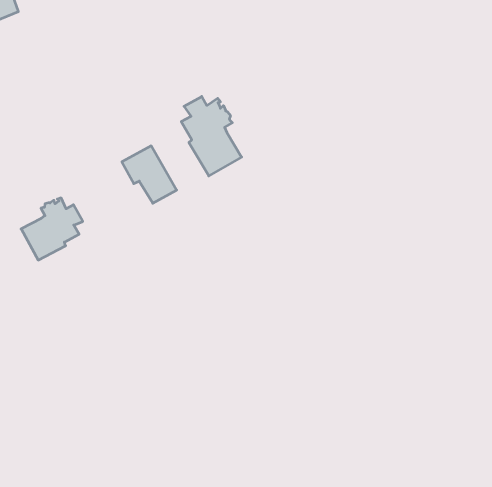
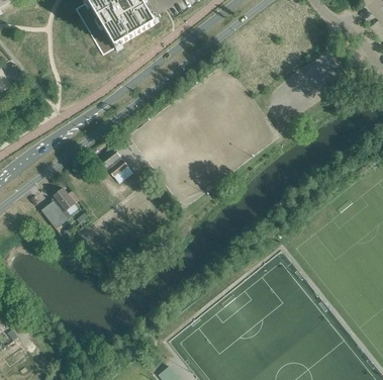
building: [181,96,242,176] -> none

